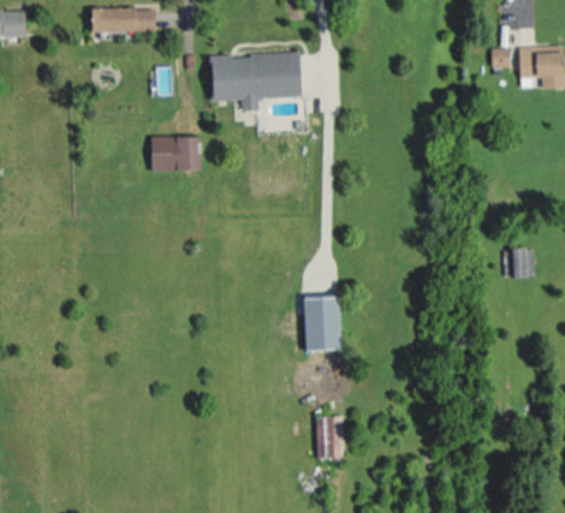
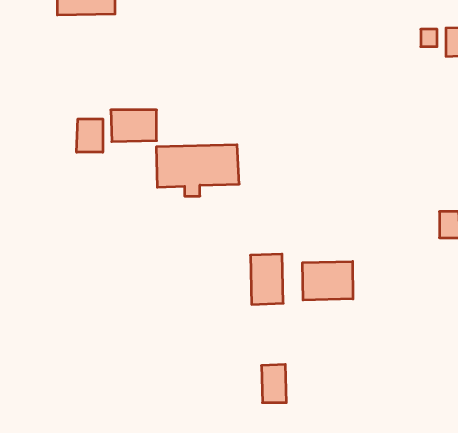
building: [210,54,302,111] -> [156,145,239,196]
building: none -> [77,119,103,152]
building: none -> [303,261,353,300]

